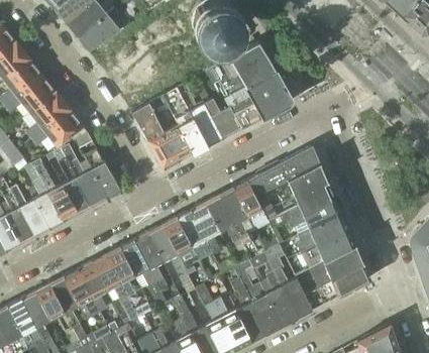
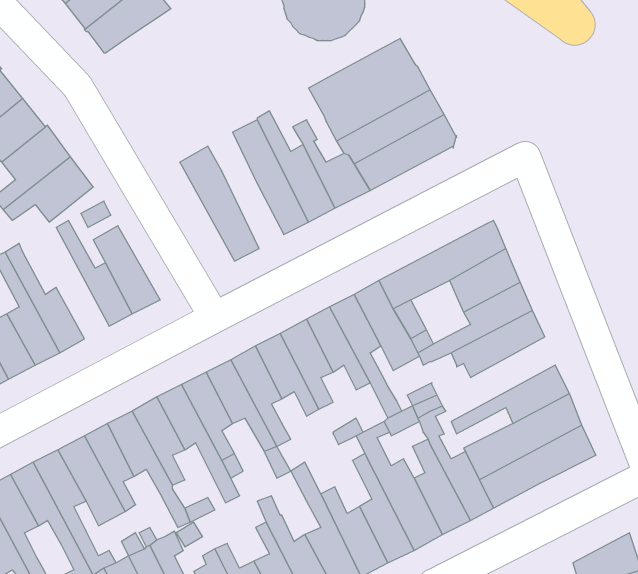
building: [156,114,192,162] -> none
building: [53,149,92,214] -> none
building: [297,213,347,254] -> none

